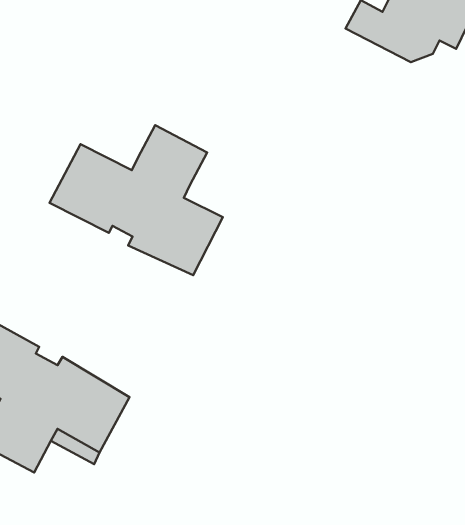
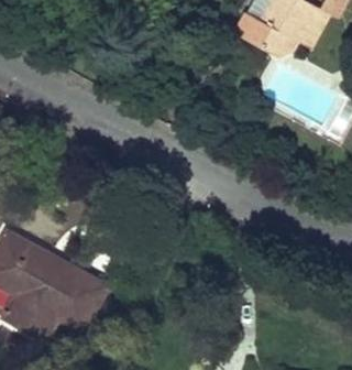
building: [49,125,223,275] -> none

